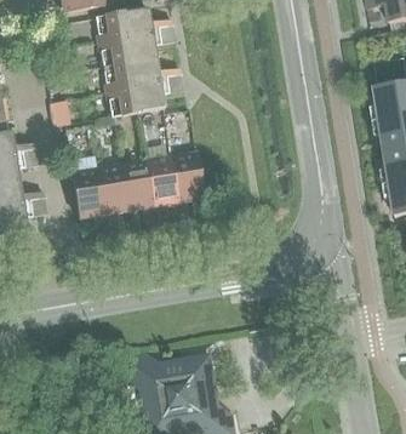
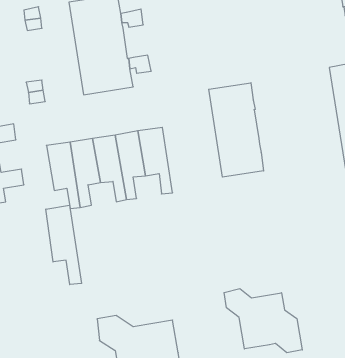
building: none -> [209,83,264,177]
building: none -> [46,205,82,285]
building: none -> [224,289,302,353]

